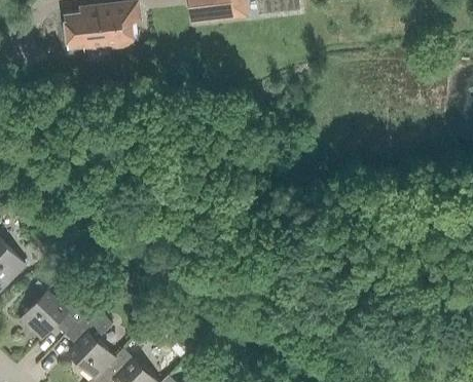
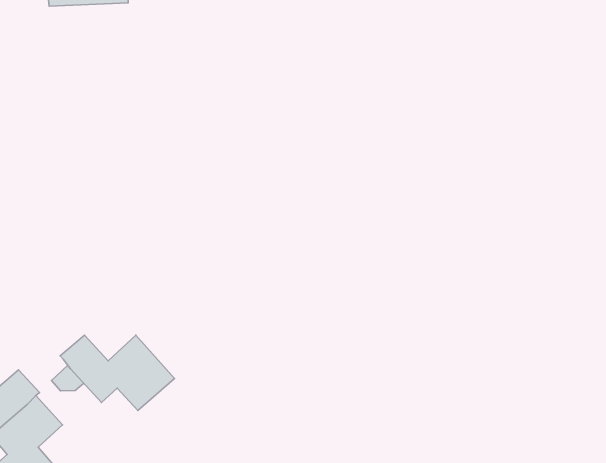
building: none -> [60,335,174,411]

